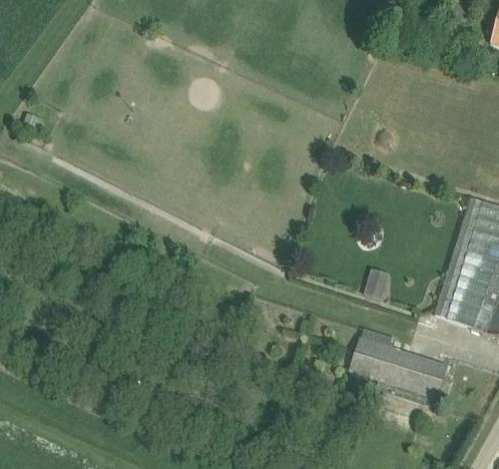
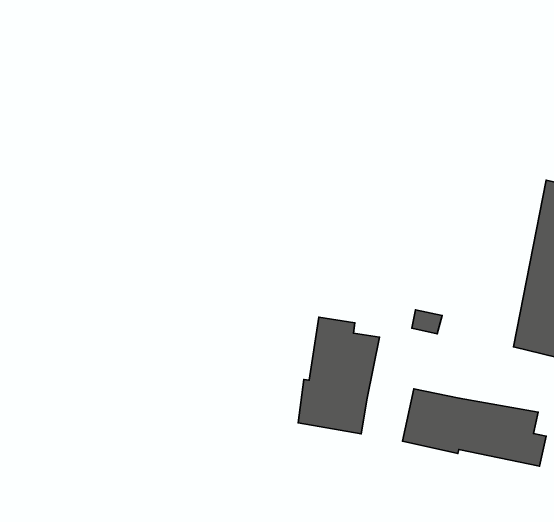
building: none -> [298,317,379,434]

